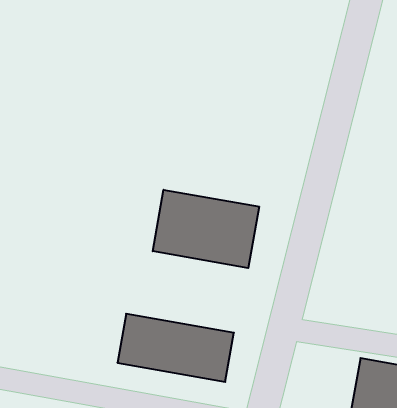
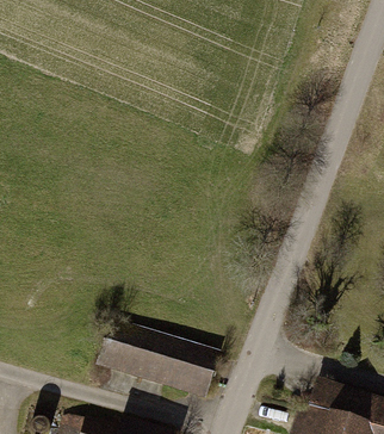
building: [153,190,259,268] -> none

